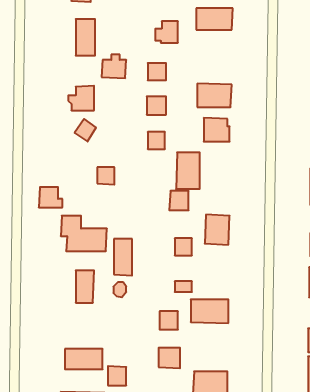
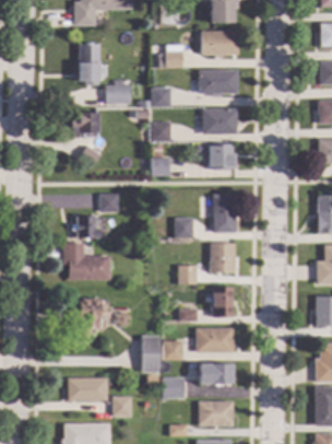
building: none -> [199,70,238,92]
building: [176,152,200,189] -> [212,195,236,232]
building: [39,187,62,207] -> [76,217,100,237]
building: [114,239,132,276] -> [141,335,159,372]
building: none -> [212,285,234,316]
building: none -> [199,363,233,383]

